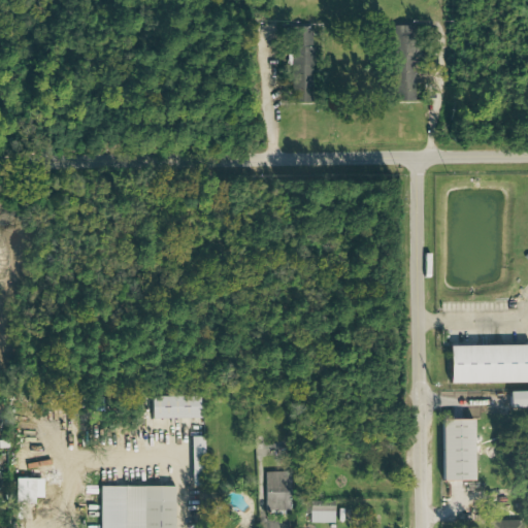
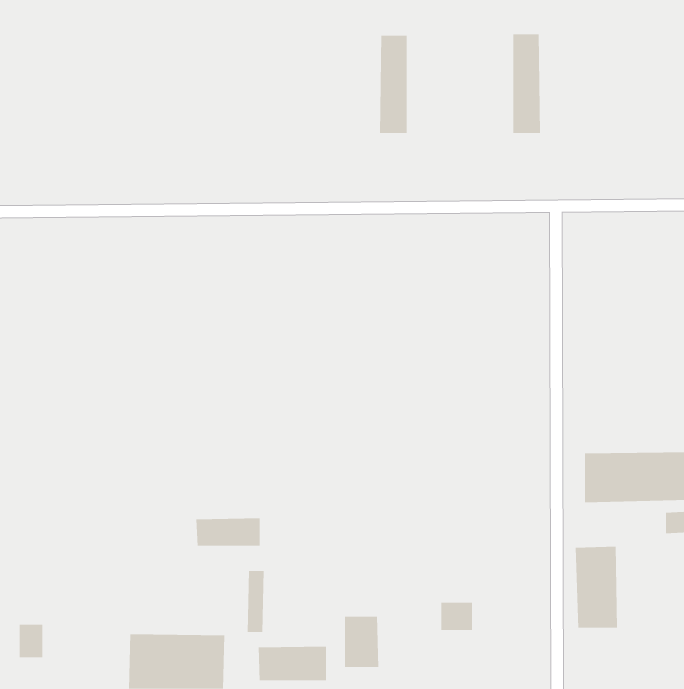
building: none -> [258,646,326,681]
building: [312,501,337,523] -> [440,602,473,630]

